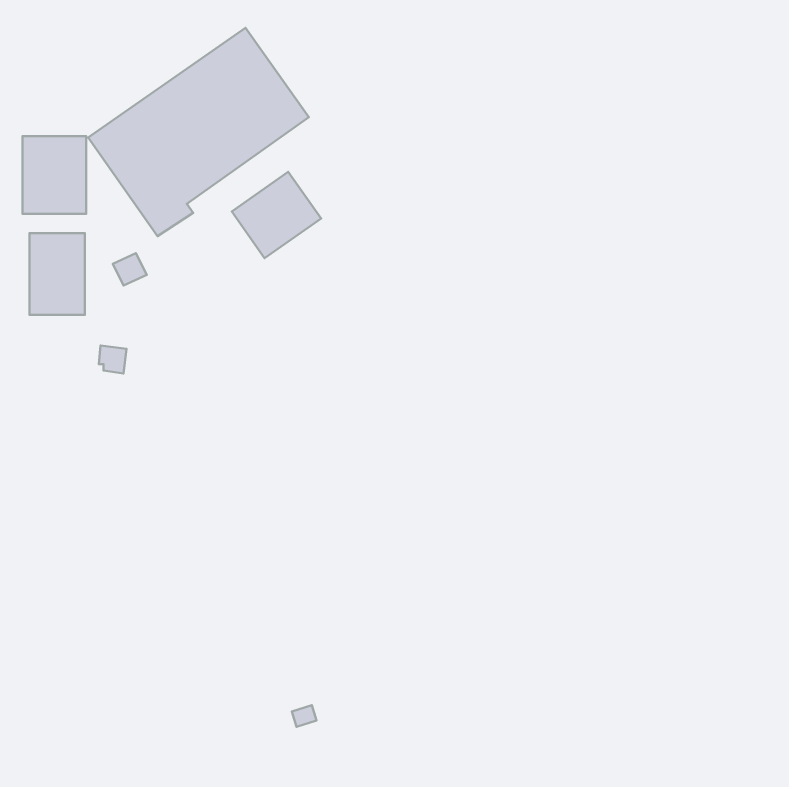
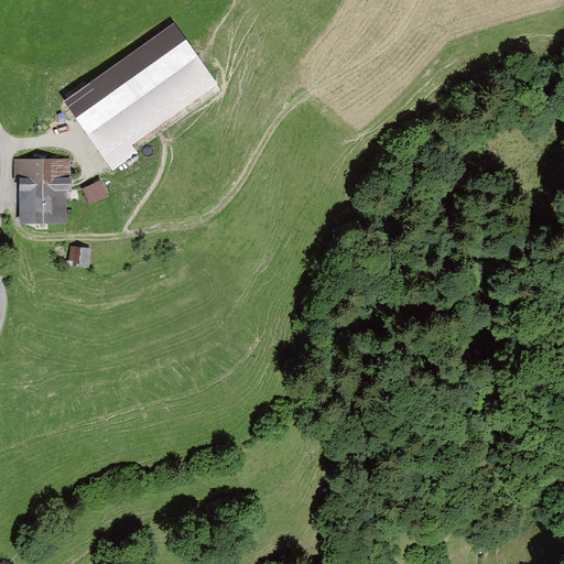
building: [22,136,86,214] -> none
building: [232,172,321,258] -> none

